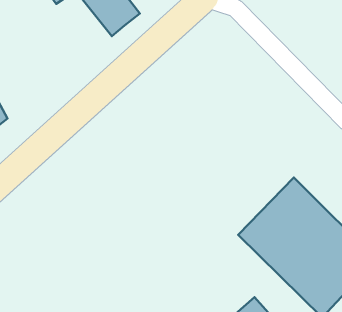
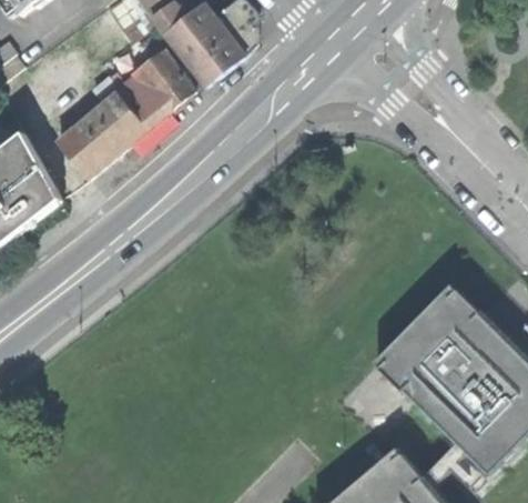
building: none -> [52,49,190,180]

